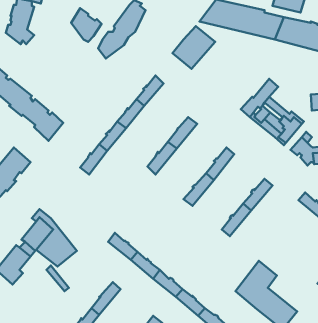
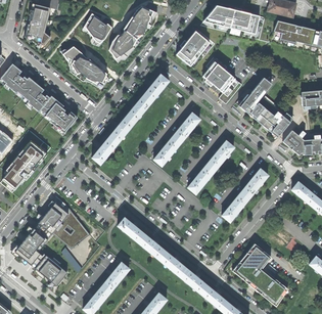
building: none -> [62,46,106,85]
building: none -> [202,61,241,102]
building: none -> [31,253,66,284]

